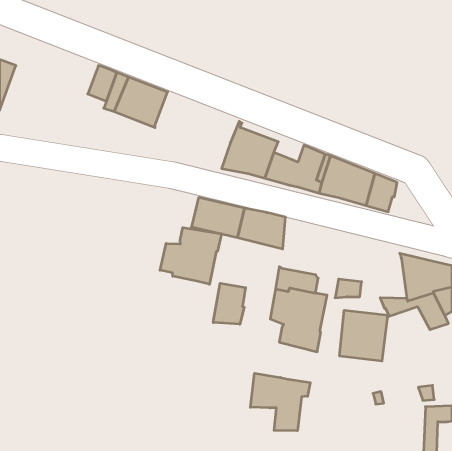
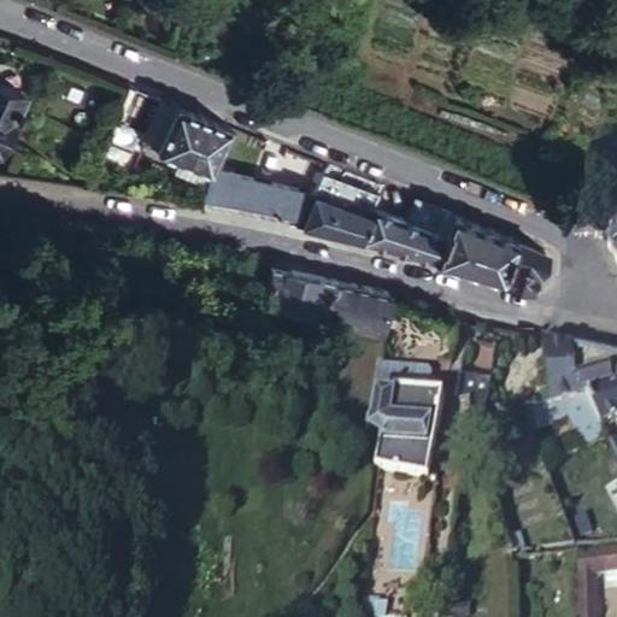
building: none -> [201,172,313,231]
building: [160,228,221,284] -> none
building: [213,283,246,324] -> none
building: [340,310,389,361] -> none
building: [250,373,310,431] -> none

